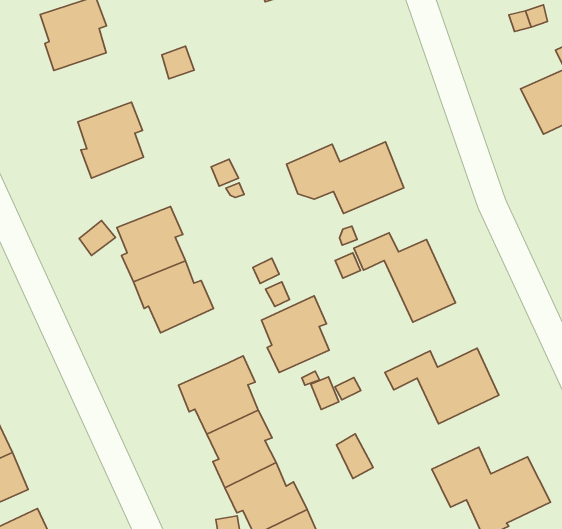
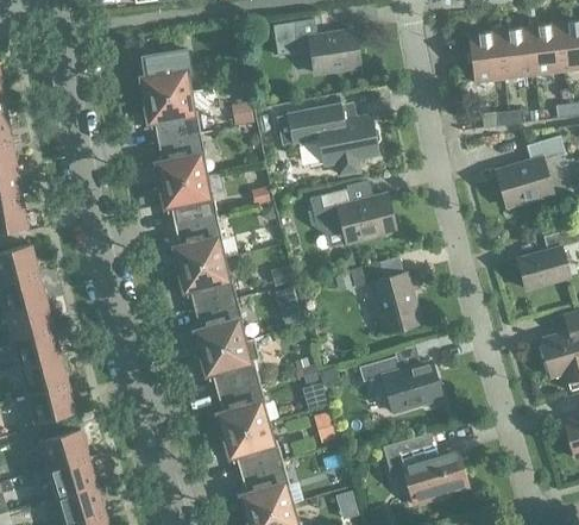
building: none -> [276,105,377,175]
building: none -> [145,93,200,142]
building: none -> [161,176,216,226]
building: [261,296,329,372] -> [194,299,243,352]

